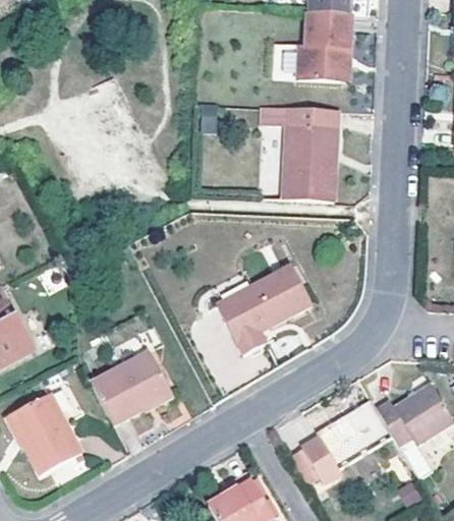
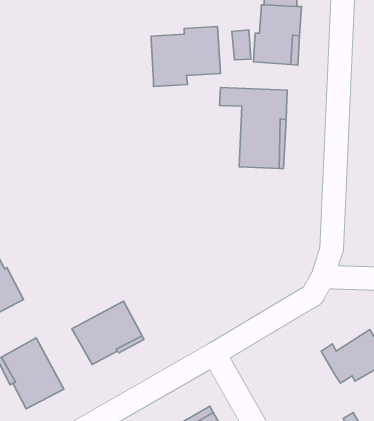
building: none -> [151,27,221,87]
building: [217,265,311,354] -> none
building: [300,399,392,482] -> none

